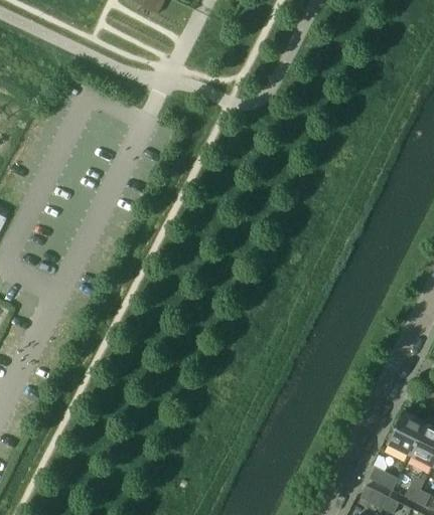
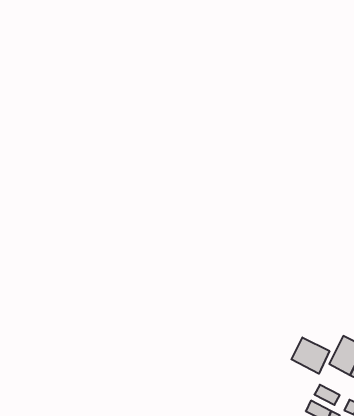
building: none -> [291,337,329,374]

